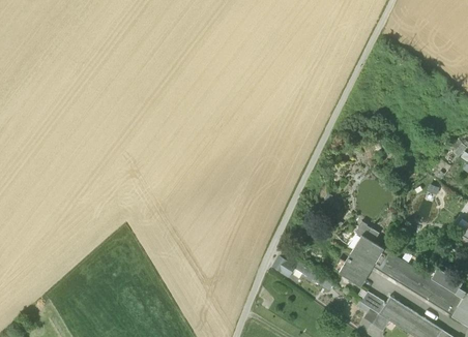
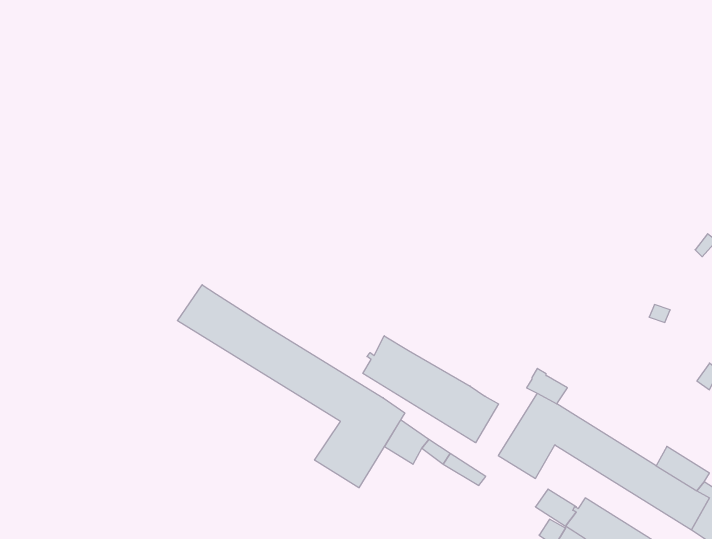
building: none -> [177,285,405,488]
building: none -> [363,336,499,443]

